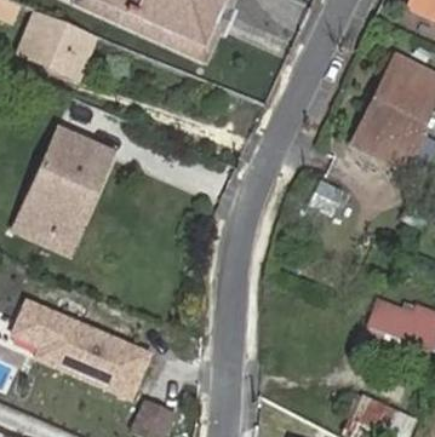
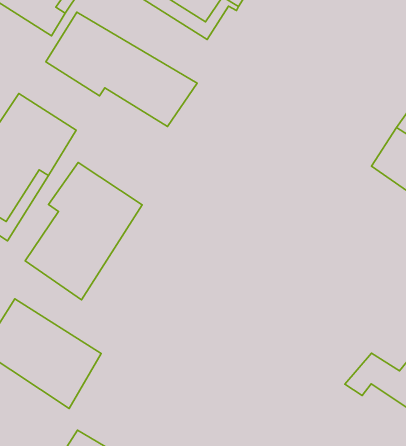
building: none -> [46,12,197,126]
building: none -> [25,163,142,300]

